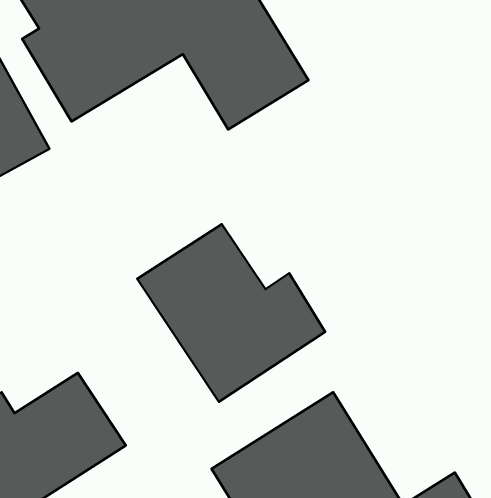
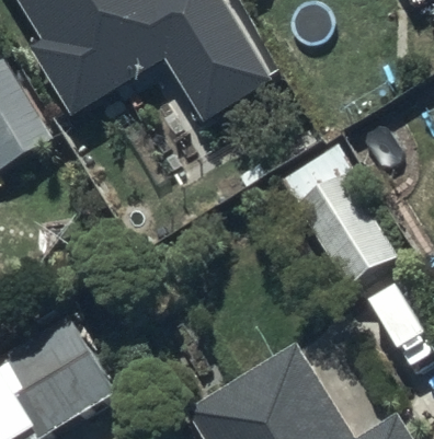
building: none -> [277,142,399,291]
building: [137,224,325,402] -> none

